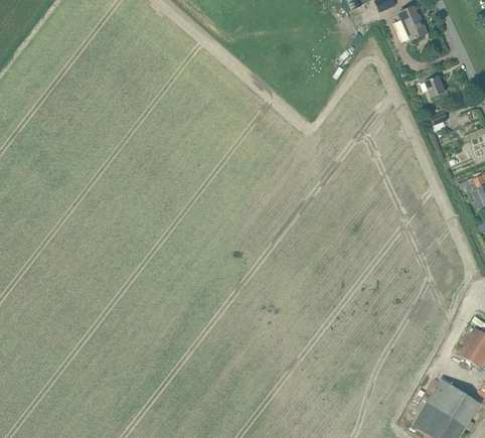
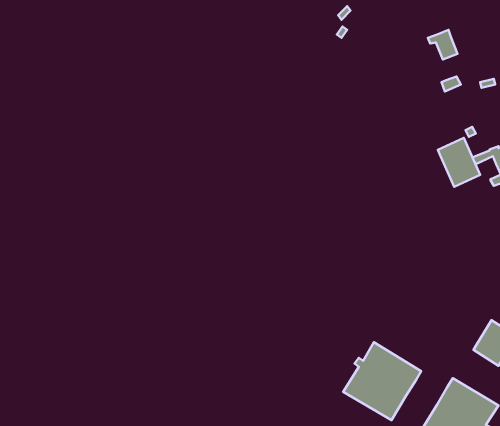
building: none -> [438,138,480,187]
building: none -> [343,342,421,420]

